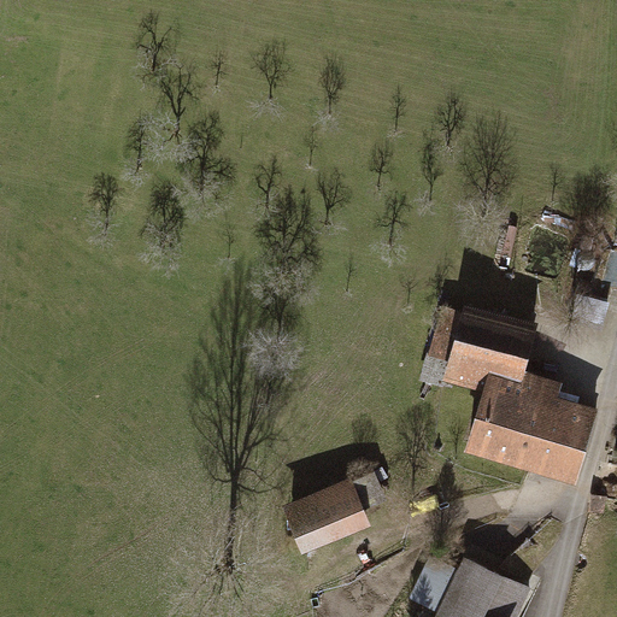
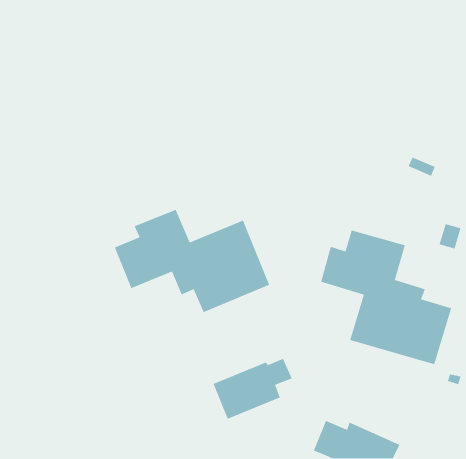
building: none -> [114,209,270,313]

